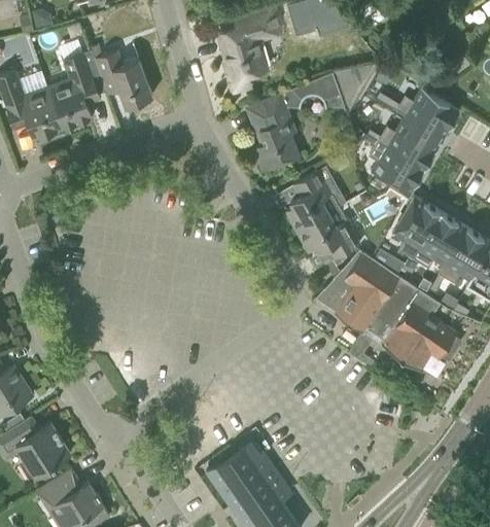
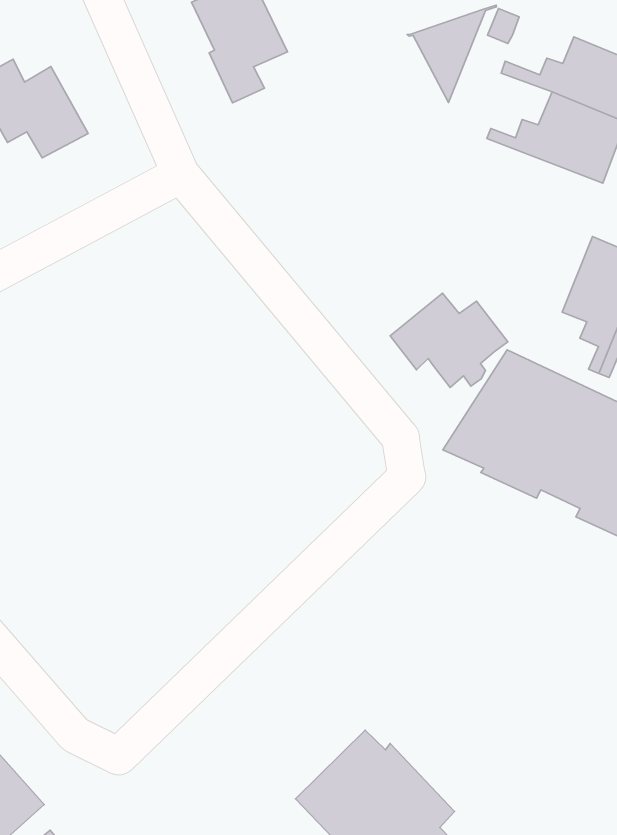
building: [249,73,343,171] -> none
building: [360,132,425,196] -> none
building: [285,172,332,233] -> none

